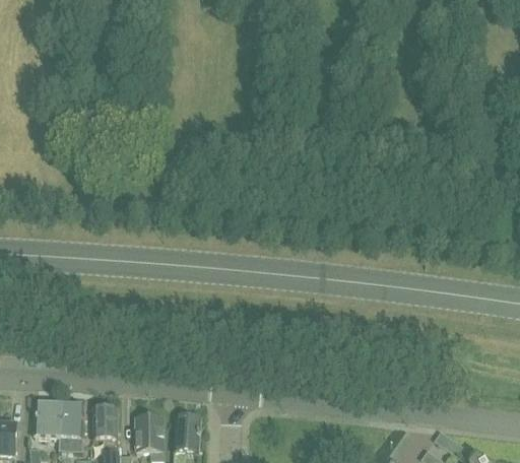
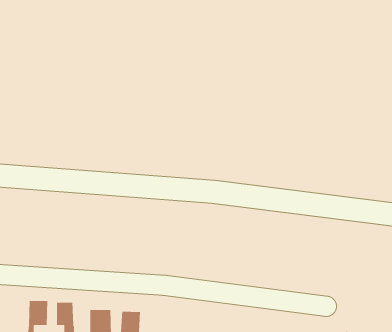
building: [36,401,60,434] -> none

